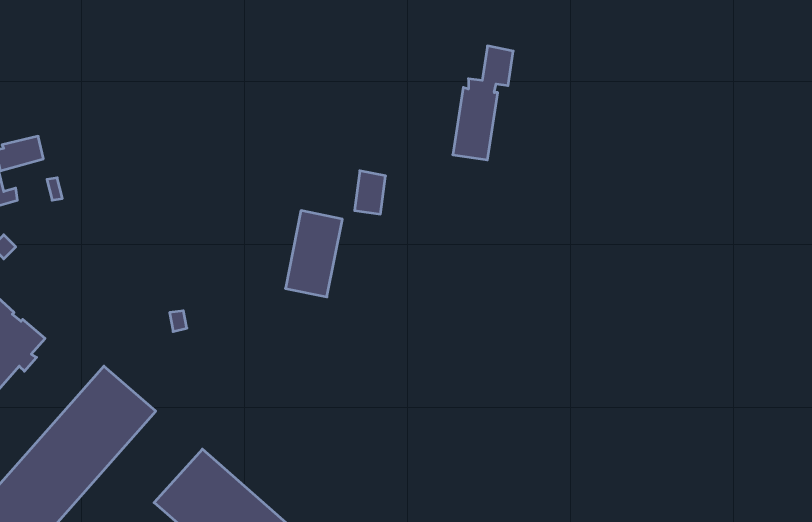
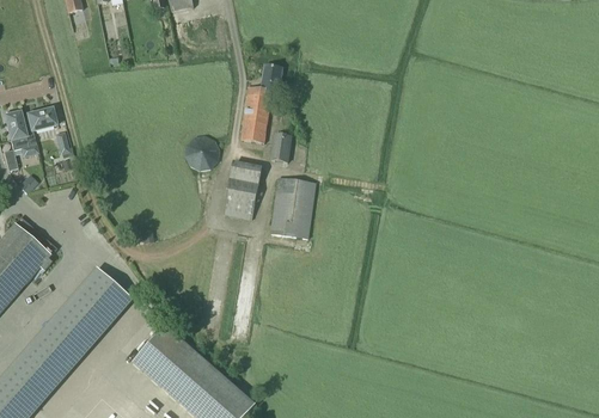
building: [453,46,513,160] -> [240,64,282,143]
building: none -> [184,135,220,171]
building: none -> [270,177,316,239]

